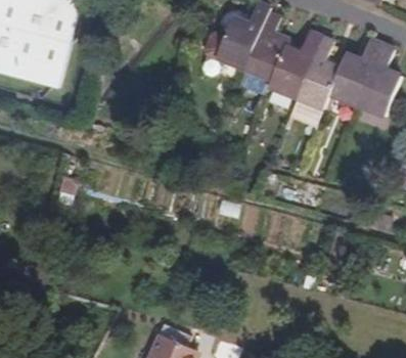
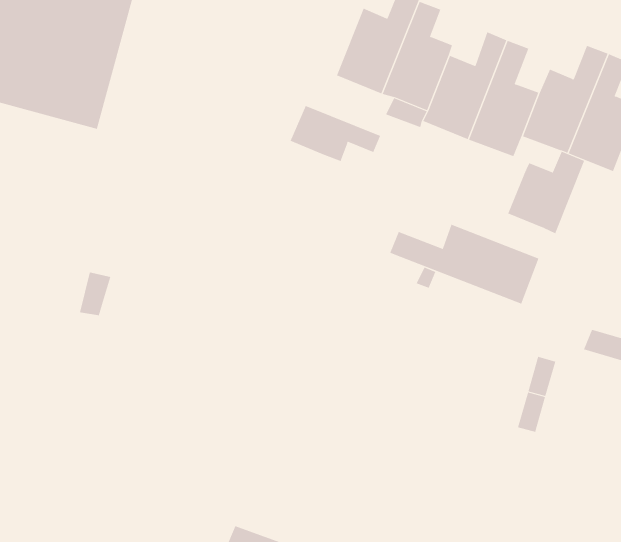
building: none -> [290,105,381,162]
building: none -> [508,151,585,234]
building: none -> [389,224,539,305]

